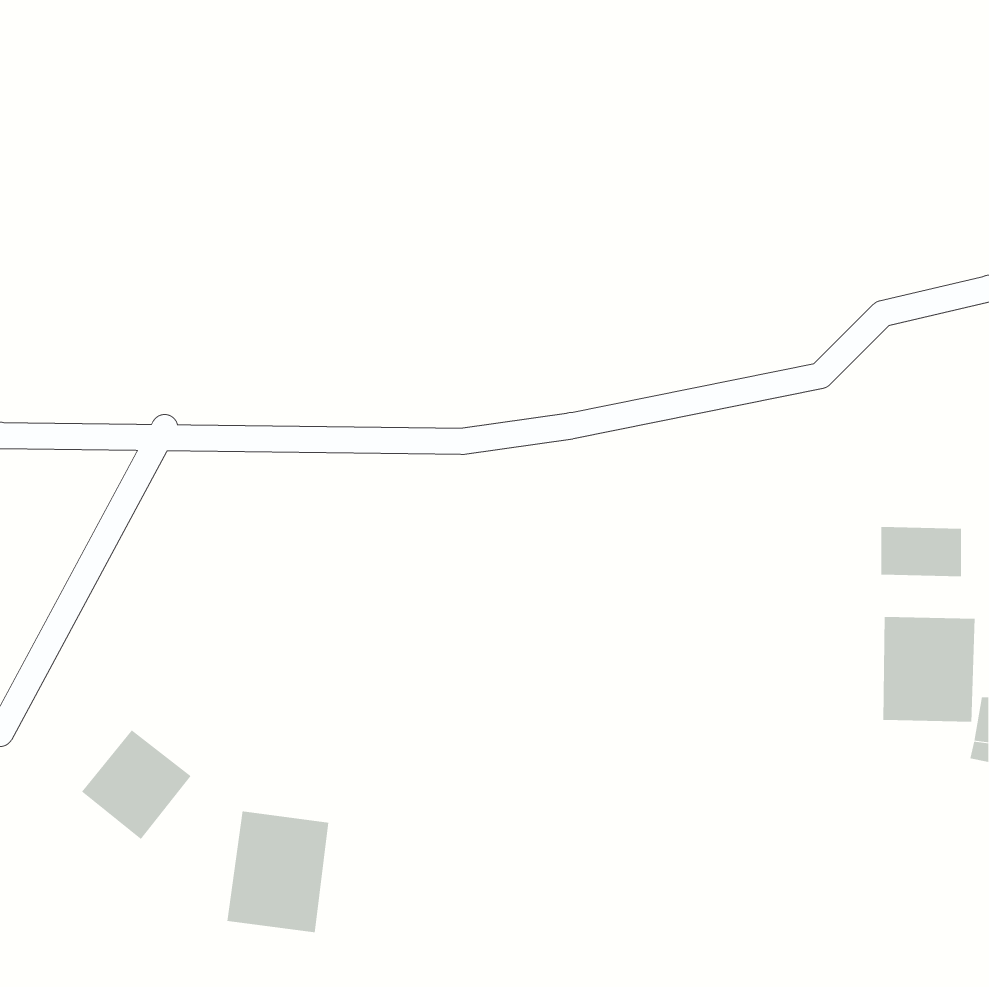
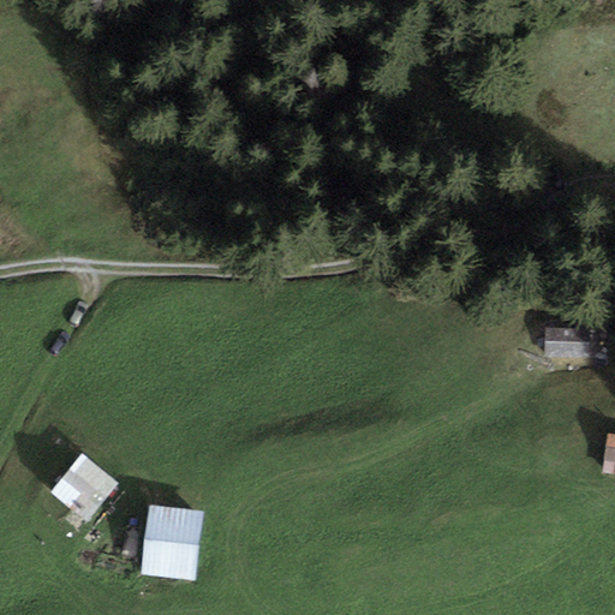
building: [883,616,975,722] -> none

